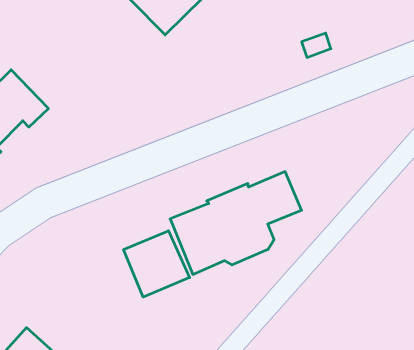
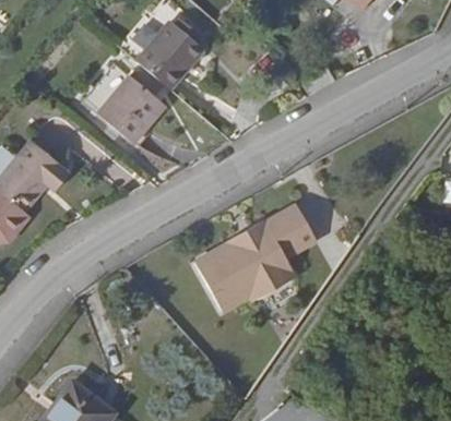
building: none -> [96,74,166,144]
building: [124,231,190,297] -> none

